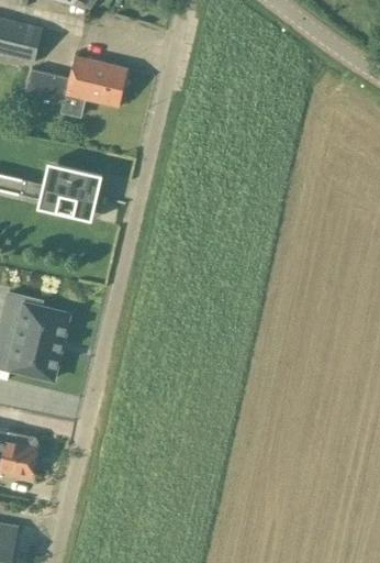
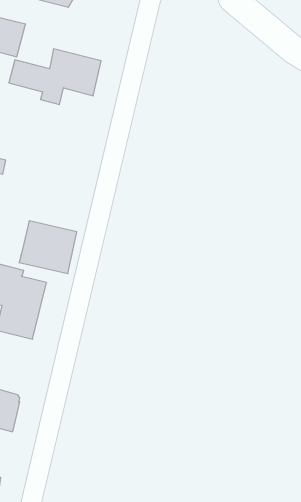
building: [38,163,102,221] -> [19,221,77,274]

